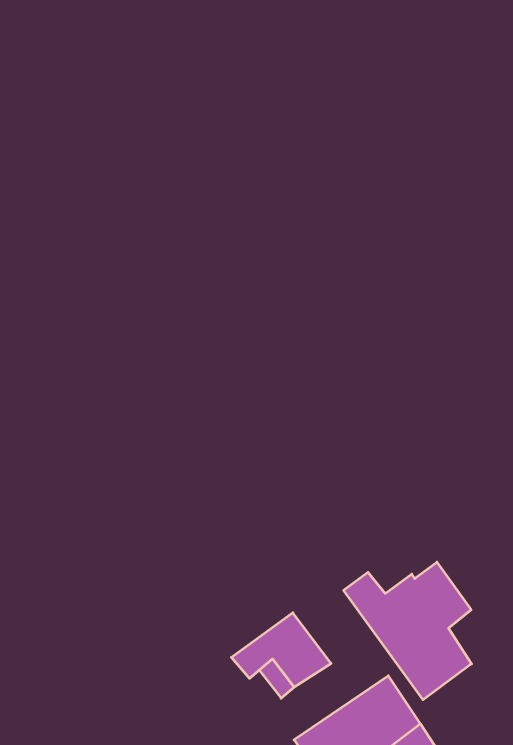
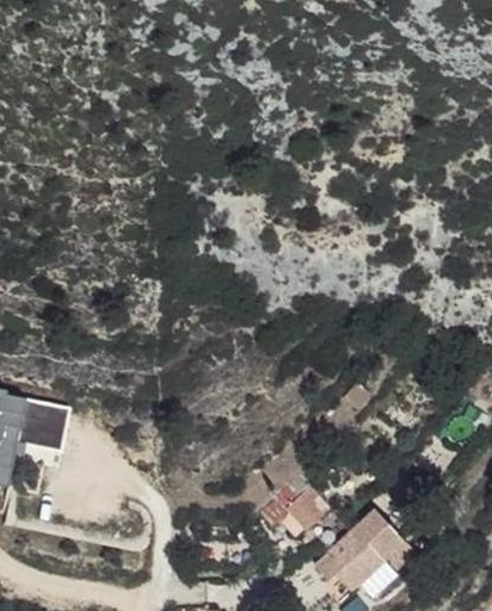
building: [344,562,472,700] -> none

